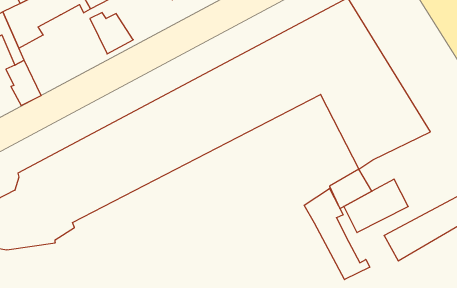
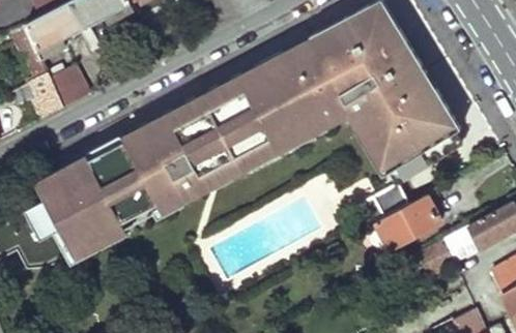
building: [90,13,133,54] -> [47,65,91,108]
building: [304,188,370,280] -> none

